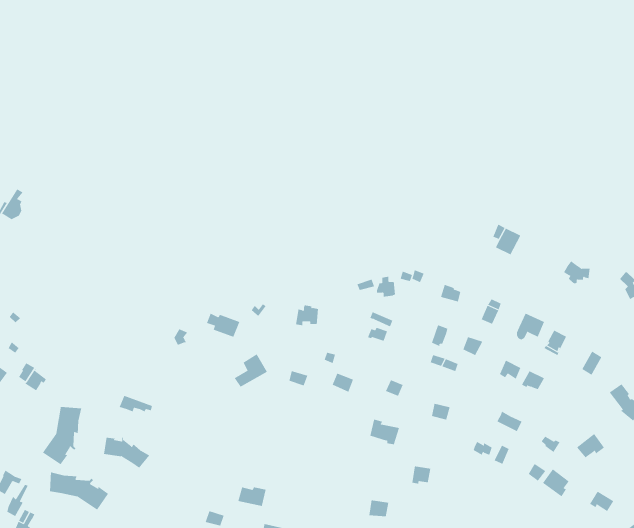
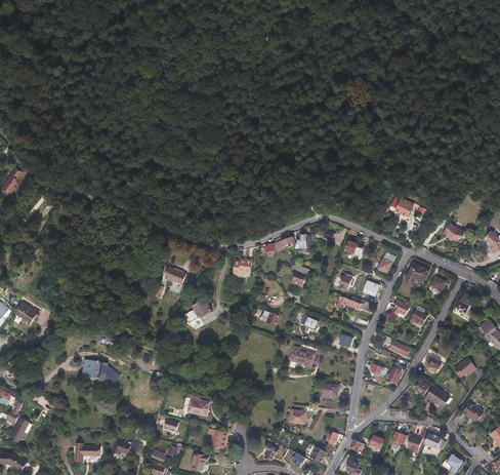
building: [42,406,82,465] -> none
building: [50,472,109,511] -> none

